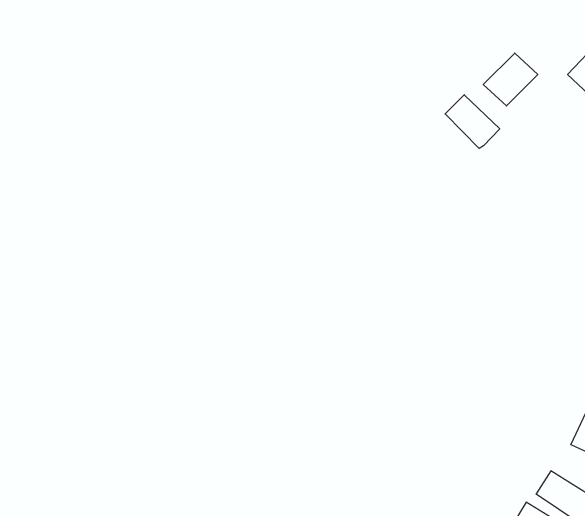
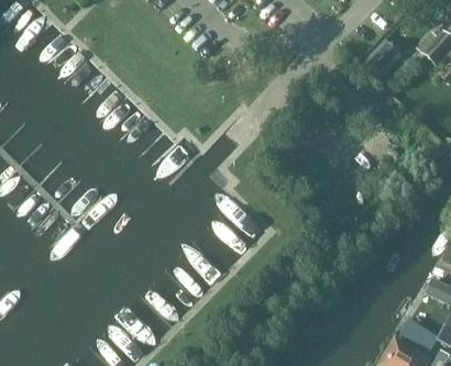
building: [445,95,500,148] -> none

